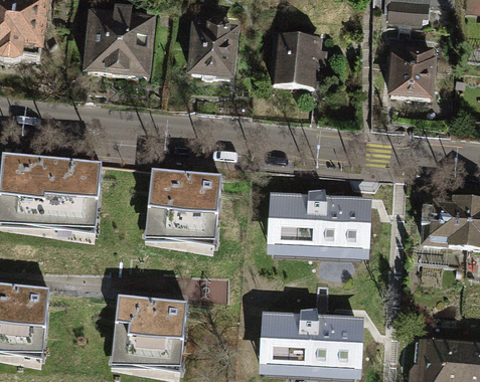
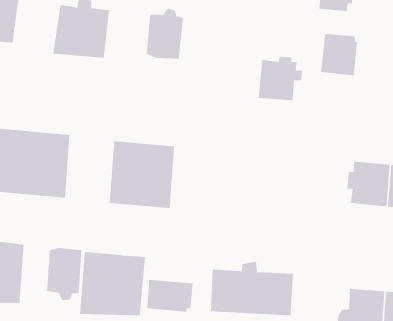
building: [272,31,323,82] -> [258,56,303,101]
building: [271,186,365,248] -> none
building: none -> [46,247,82,301]
building: none -> [147,279,193,313]

